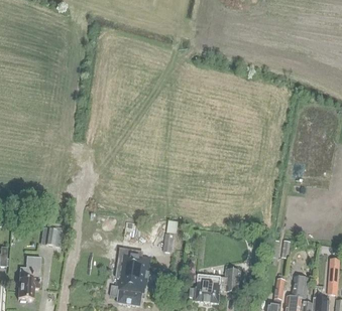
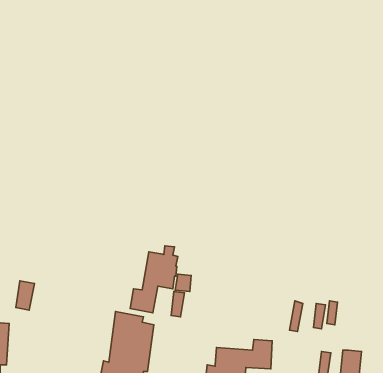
building: none -> [130,246,178,313]

